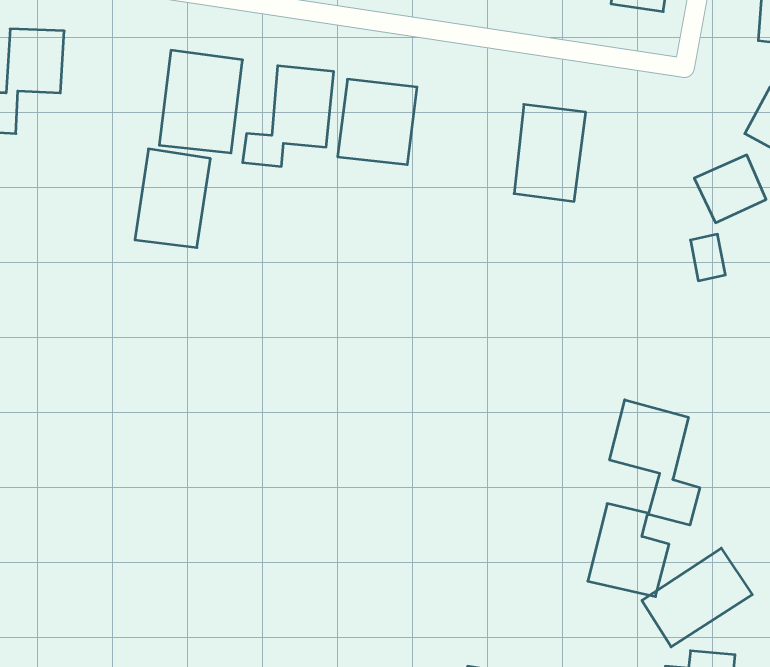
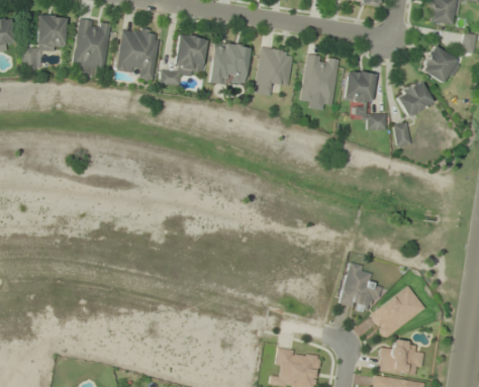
building: none -> [255,47,294,96]
building: none -> [343,70,388,131]
building: [135,149,210,248] -> [73,18,112,70]
building: [610,400,700,525] -> none

